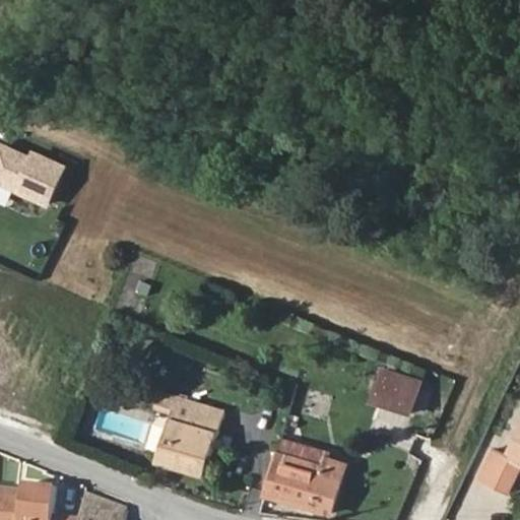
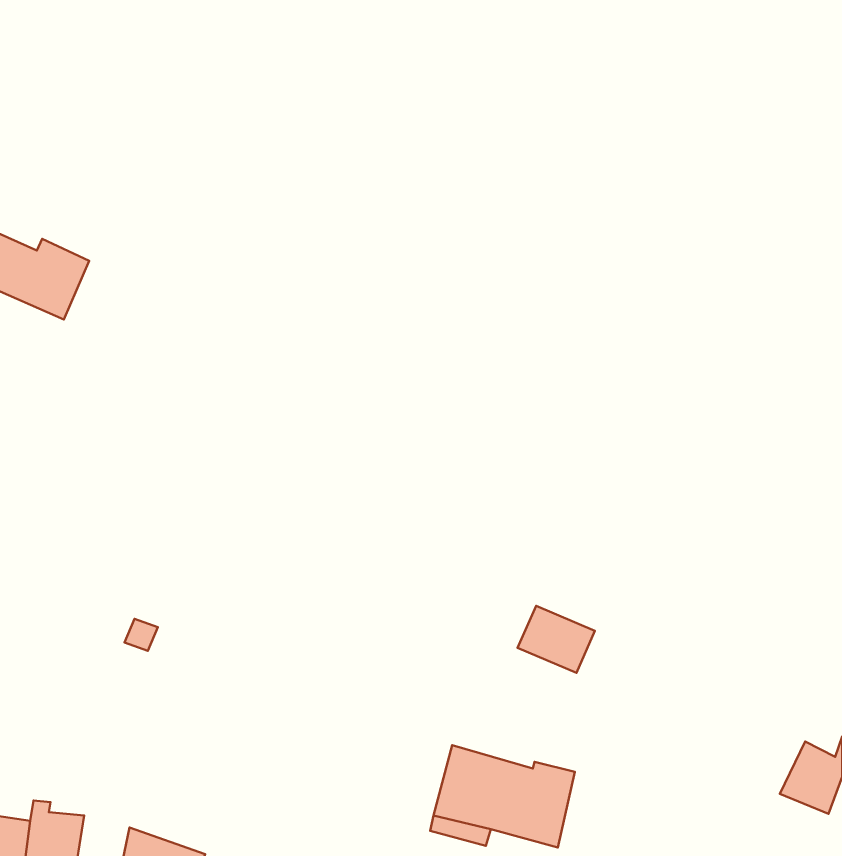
building: [364,364,410,404] -> [518,606,595,673]
building: [155,396,222,474] -> none

